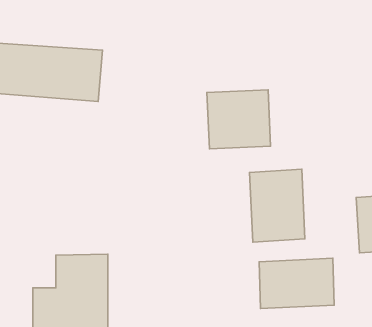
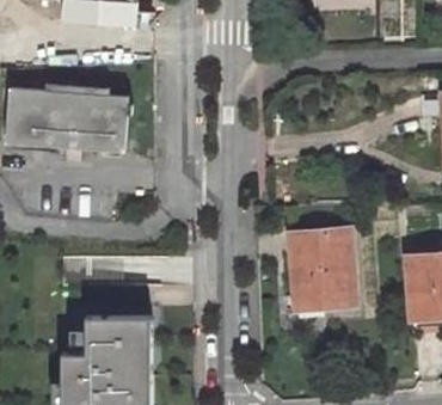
building: [207,90,271,149] -> none
building: [259,258,334,309] -> none

